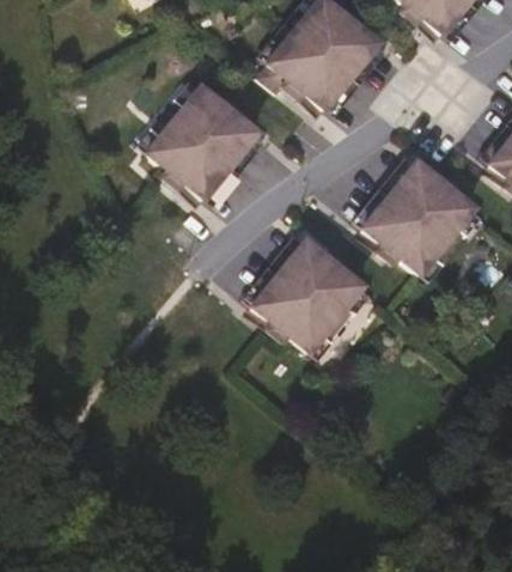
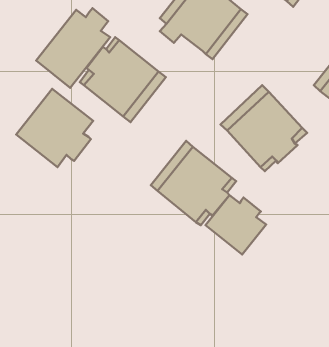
building: none -> [36,8,110,88]
building: none -> [16,89,93,167]
building: none -> [206,195,266,255]

